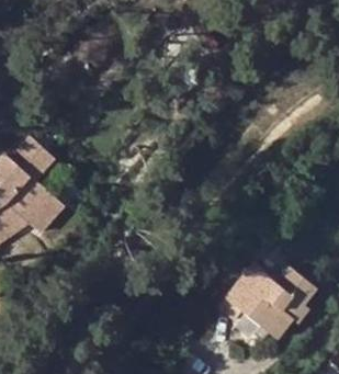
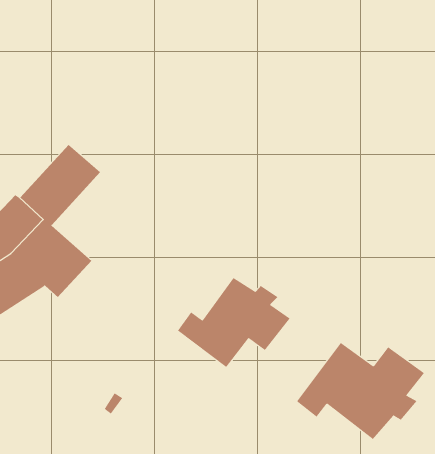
building: none -> [177,277,290,368]

